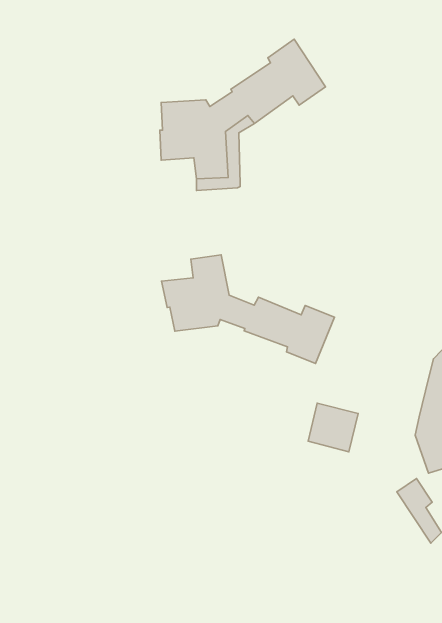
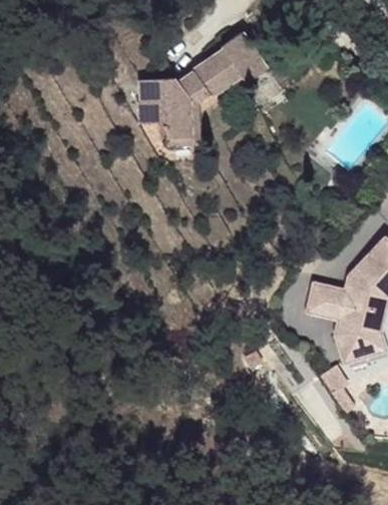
building: [161,255,335,363] -> none
building: [308,403,358,452] -> [306,283,344,320]

